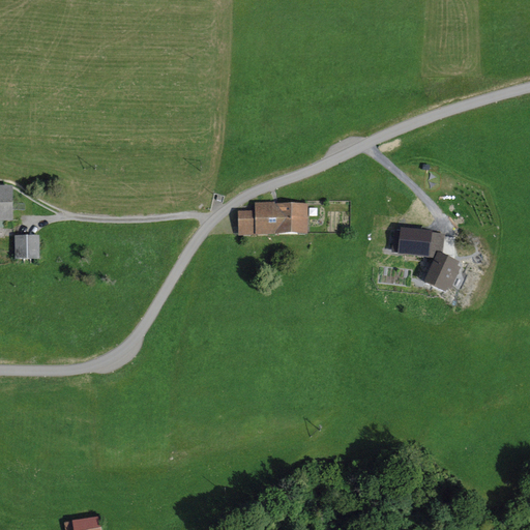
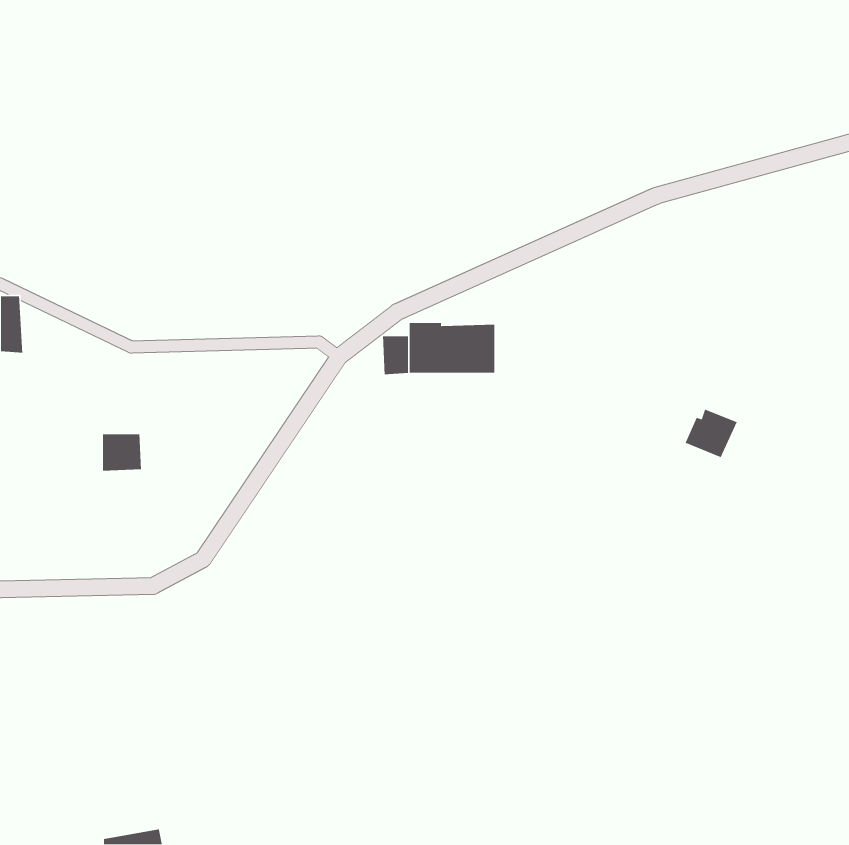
building: [392,229,433,260] -> none
building: [16,234,40,258] -> [102,433,142,472]

